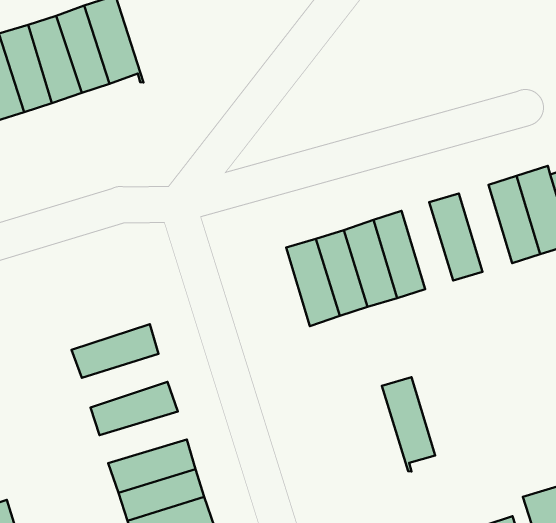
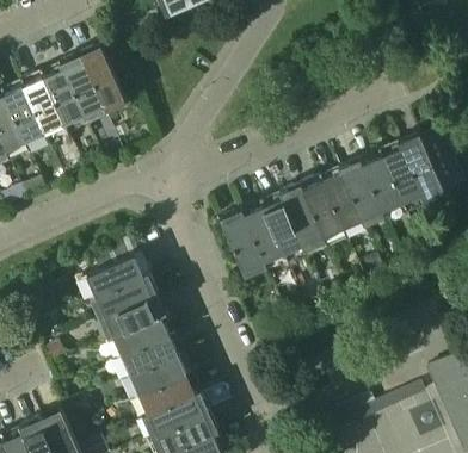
building: none -> [357,153,400,215]
building: none -> [318,169,359,231]
building: none -> [80,255,148,300]
building: none -> [104,297,165,340]
building: [382,377,435,472] -> [218,212,261,279]
building: none -> [121,336,183,378]

